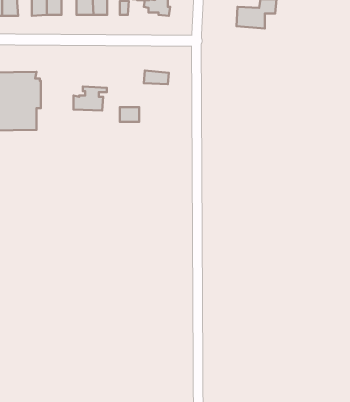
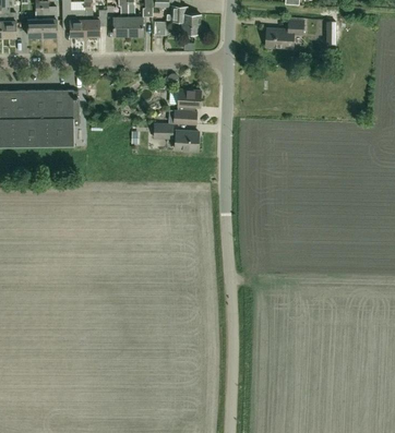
building: [74,87,107,110] -> [169,101,201,124]
building: none -> [176,131,200,151]

